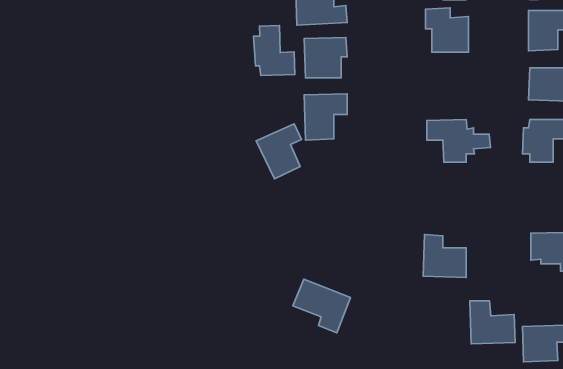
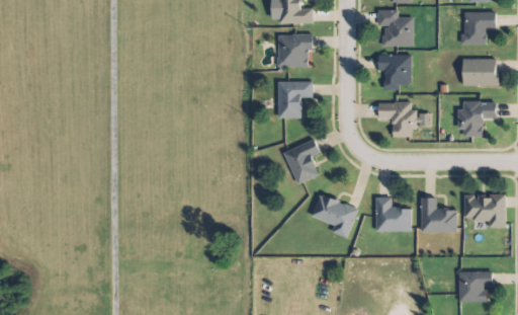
building: [253,26,295,76] -> none
building: none -> [377,55,412,89]
building: [256,124,301,179] -> [283,139,321,184]
building: [293,279,350,333] -> [311,193,358,238]
building: [470,301,515,344] -> [420,198,457,233]

